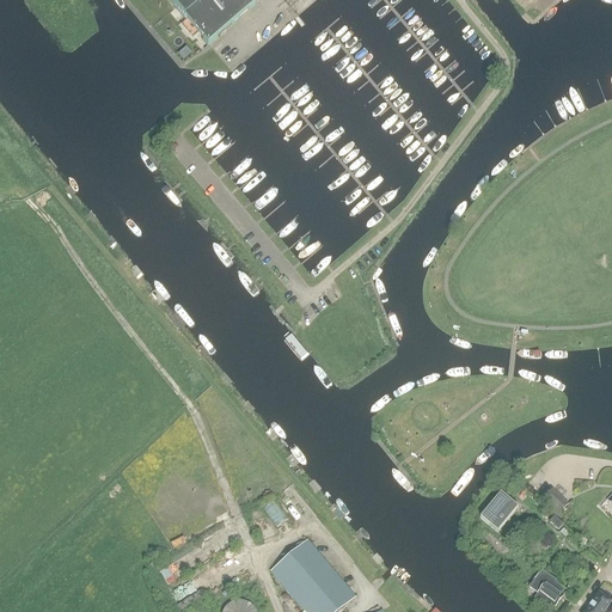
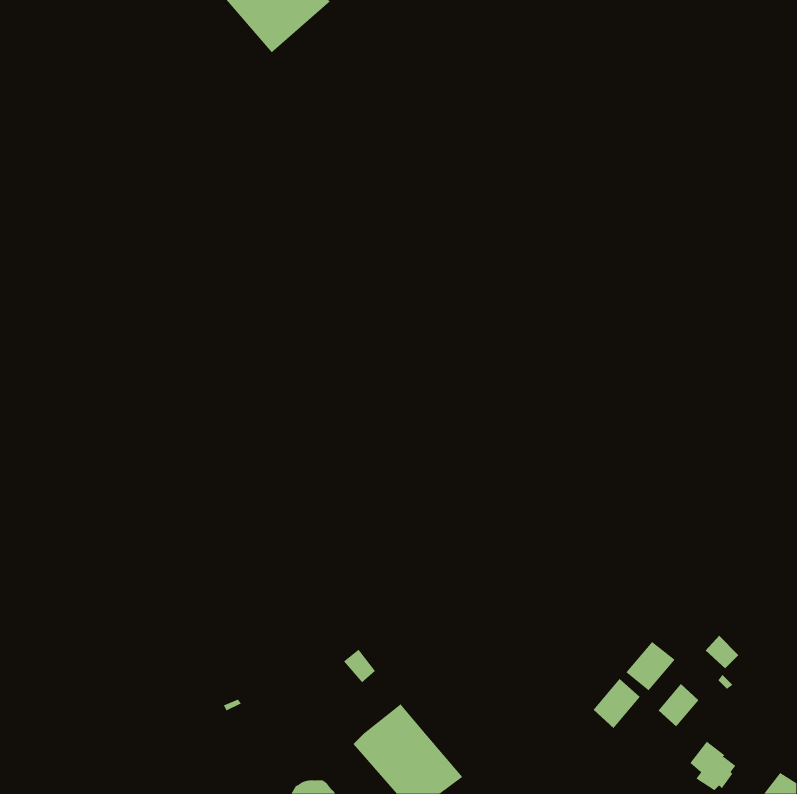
building: none -> [593,678,640,729]
building: none -> [658,683,699,727]

